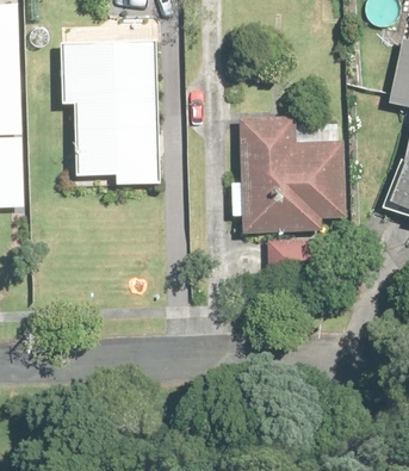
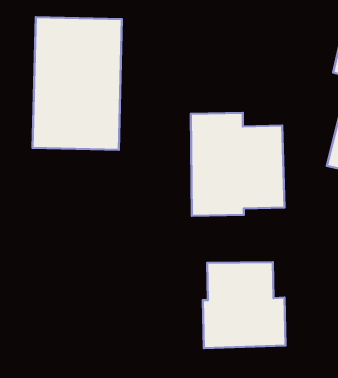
building: none -> [203,262,286,348]

